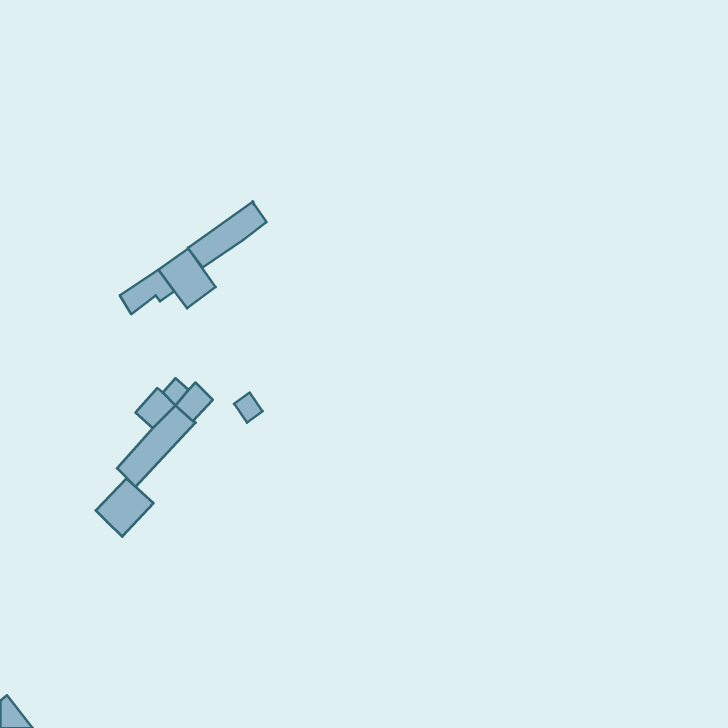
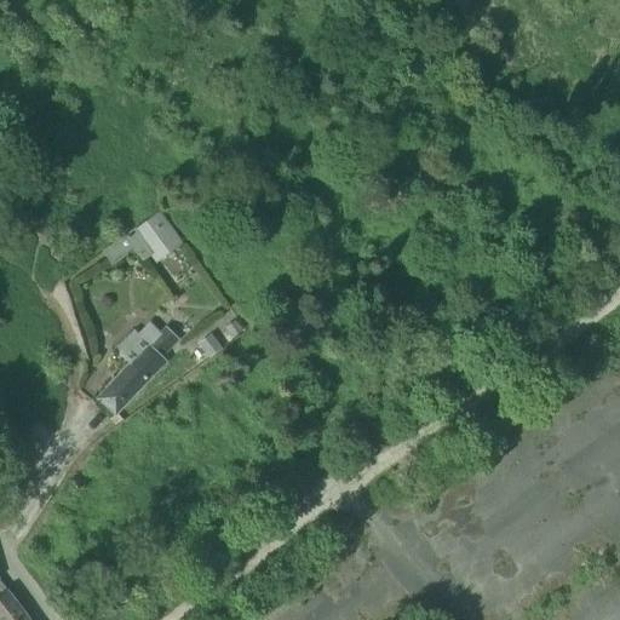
building: [188,201,266,267] -> none
building: [96,478,153,537] -> none

